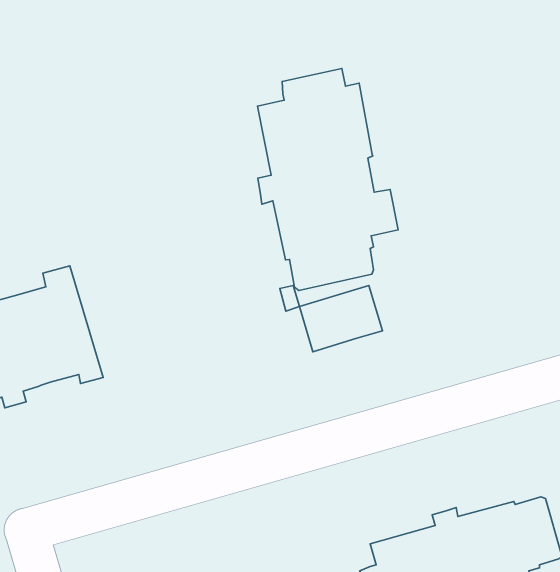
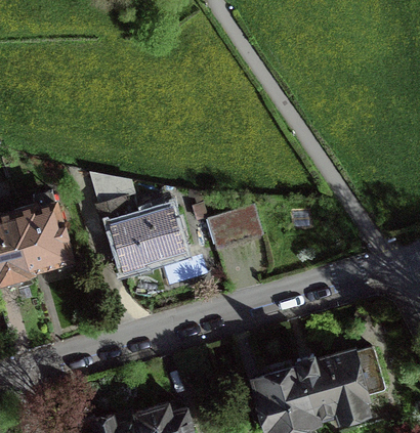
building: [257,69,398,290] -> none
building: none -> [94,174,182,266]

